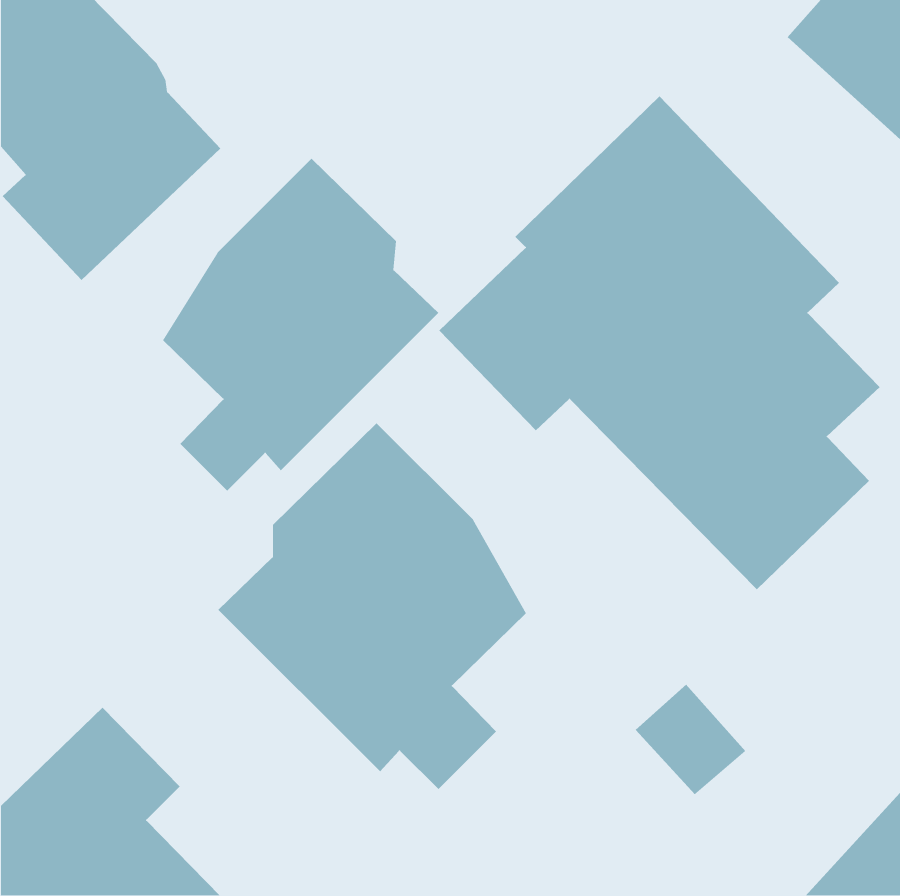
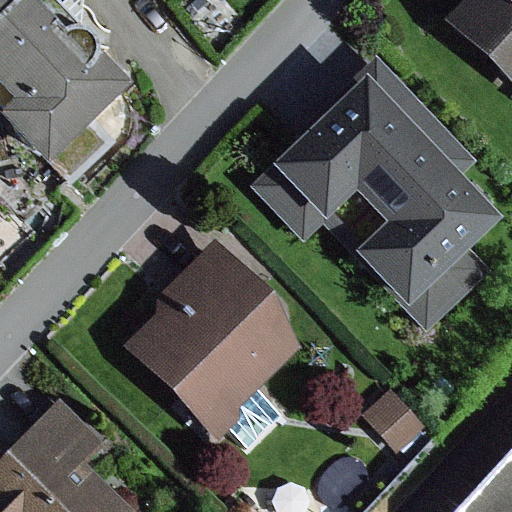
building: [162,158,439,491] -> none

